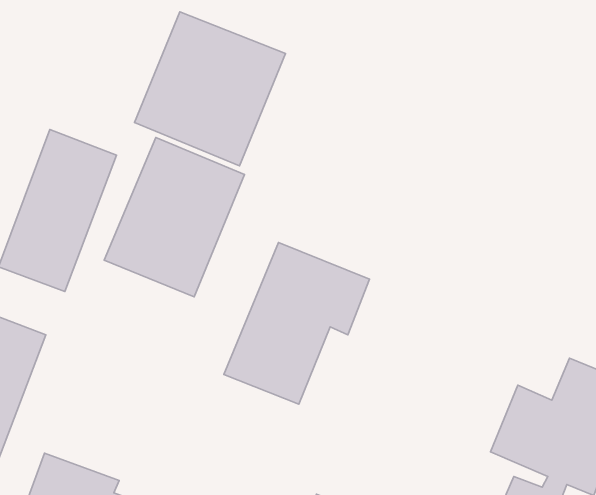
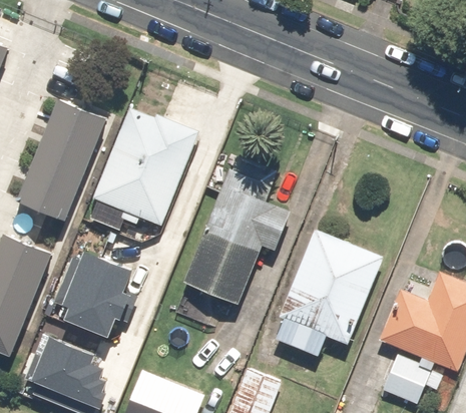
building: [134,12,286,166] -> none
building: none -> [270,231,381,358]
building: none -> [64,256,142,343]

